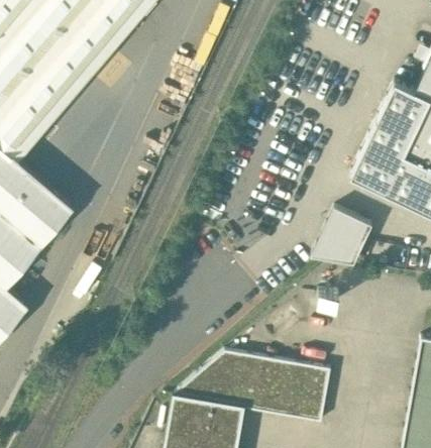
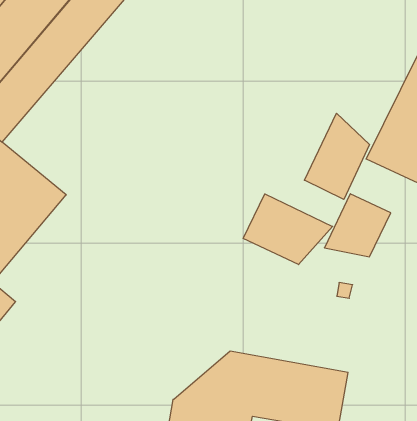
building: none -> [304,113,370,199]
building: none -> [243,194,333,265]

